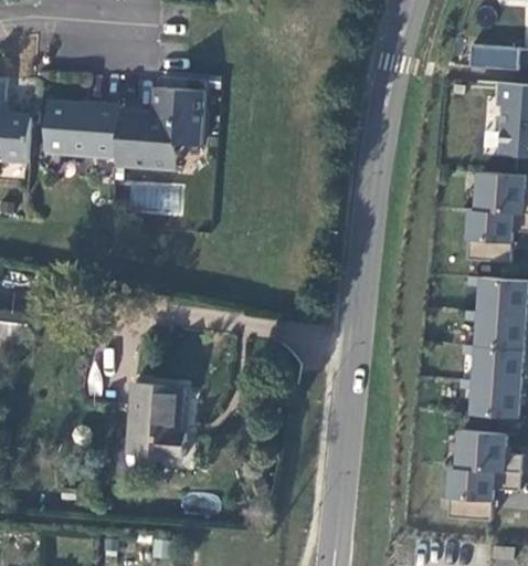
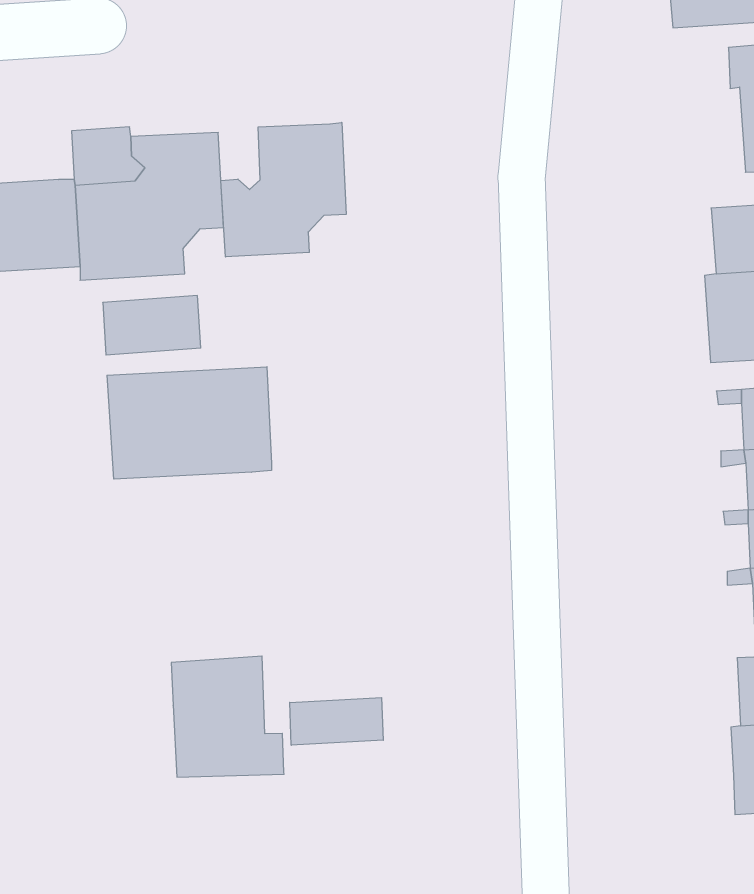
building: none -> [221,122,346,257]
building: none -> [107,367,272,479]
building: none -> [290,698,383,745]

